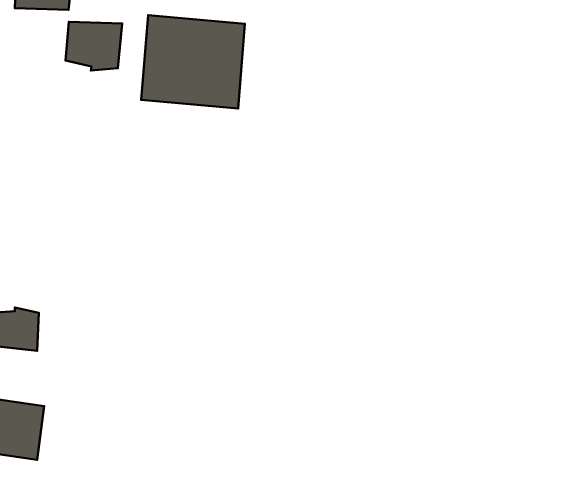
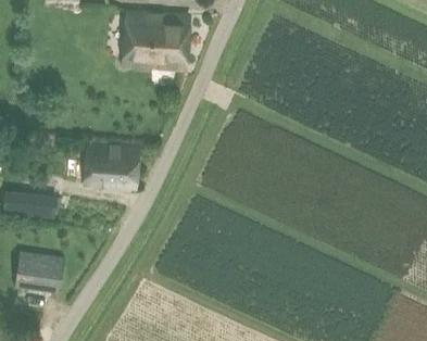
building: [66,22,122,70] -> none
building: none -> [84,141,139,186]

